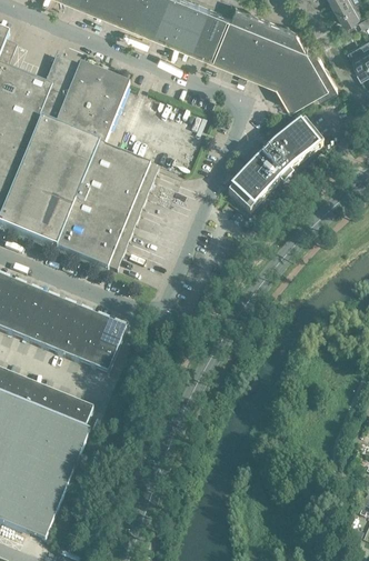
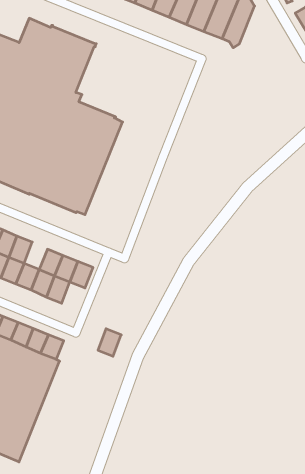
building: [279,41,337,104] -> none
building: [227,119,323,211] -> none
building: [50,299,76,329] -> none
building: [91,342,117,372] -> [98,329,121,356]

